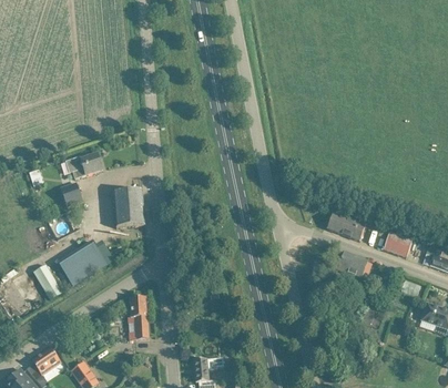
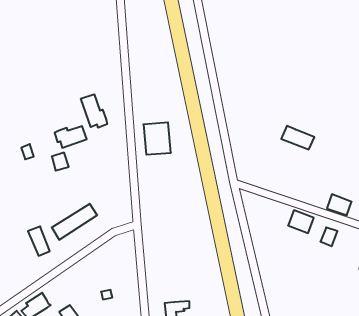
building: none -> [81,94,107,128]
building: [113,188,145,226] -> [143,122,171,155]
building: [327,212,366,239] -> [281,126,314,149]
building: [128,296,149,338] -> none

